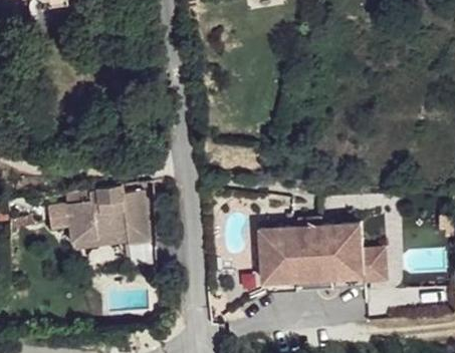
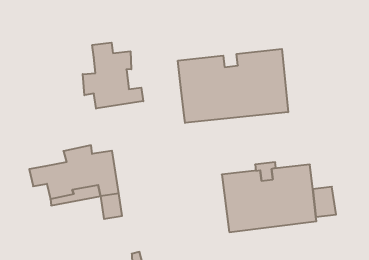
building: none -> [83,43,143,109]
building: none -> [178,49,288,123]

